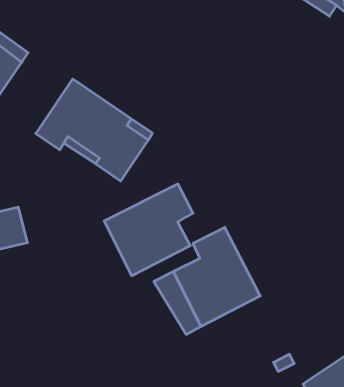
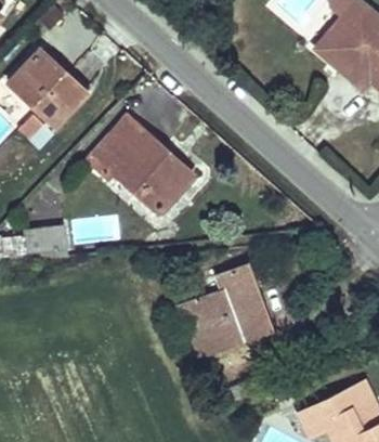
building: [104,184,193,276] -> none

